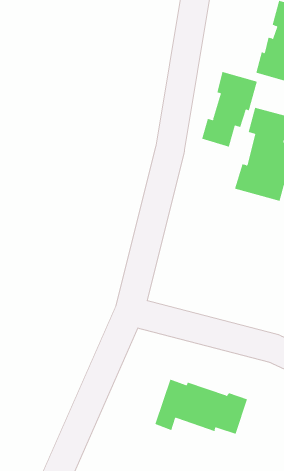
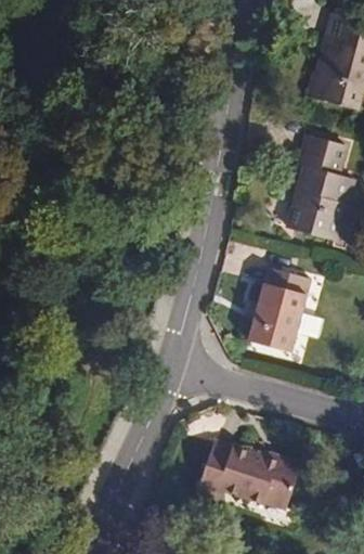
building: [201,71,257,147] -> none
building: none -> [246,266,310,351]

